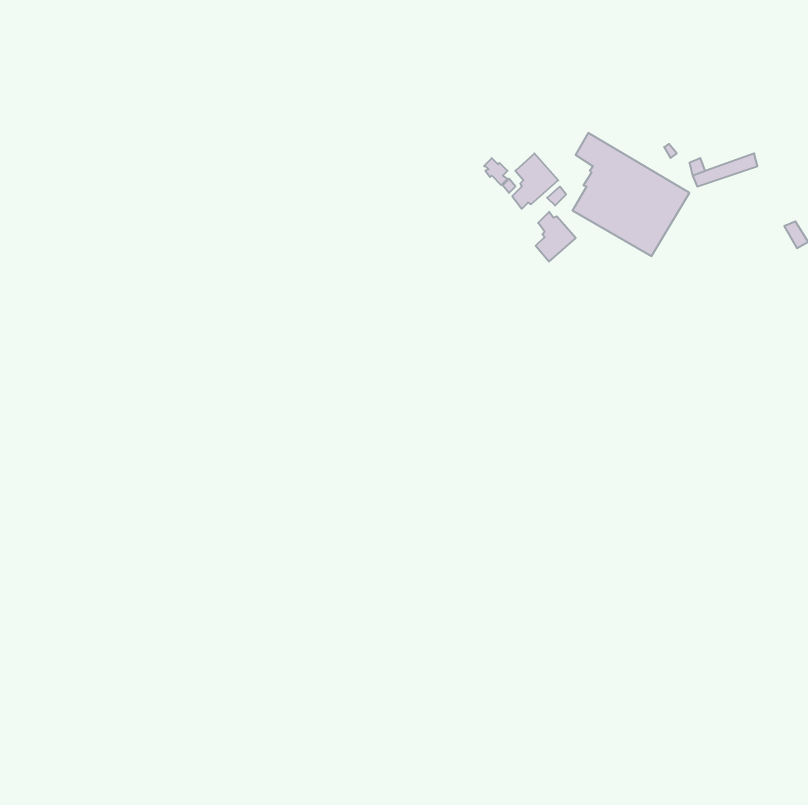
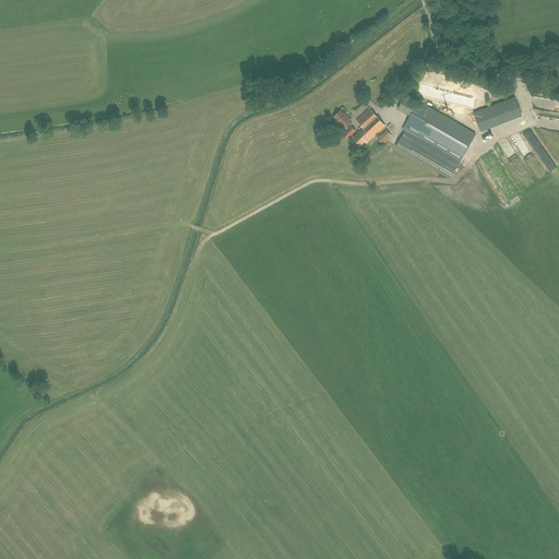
building: [536,212,576,262] -> none

